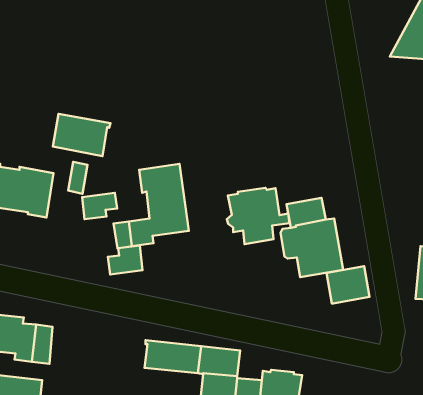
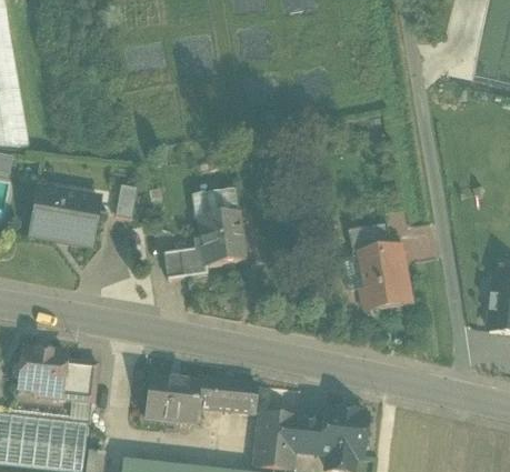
building: [53,114,110,156] -> none
building: [227,188,290,244] -> none
building: [82,193,117,219] -> none
building: [108,245,143,275] -> none
building: [327,266,369,303] -> none
building: none -> [144,378,200,424]

